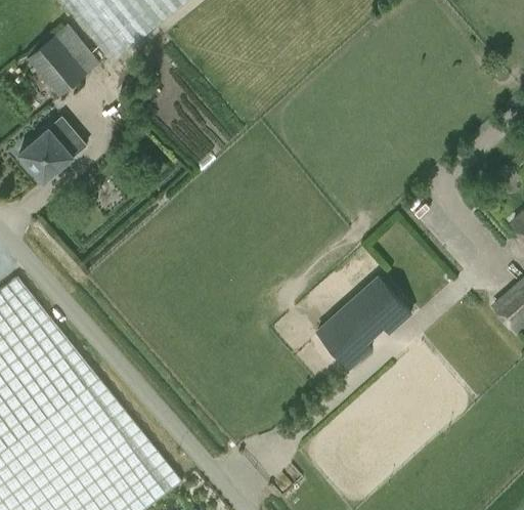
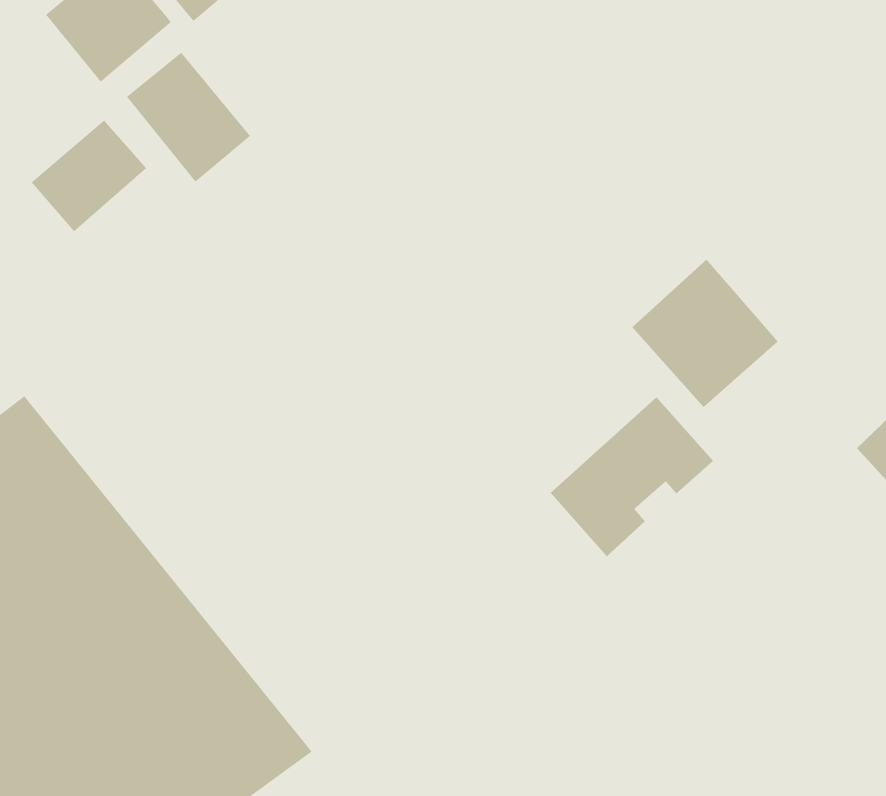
building: none -> [126,52,251,183]
building: none -> [631,259,778,408]

